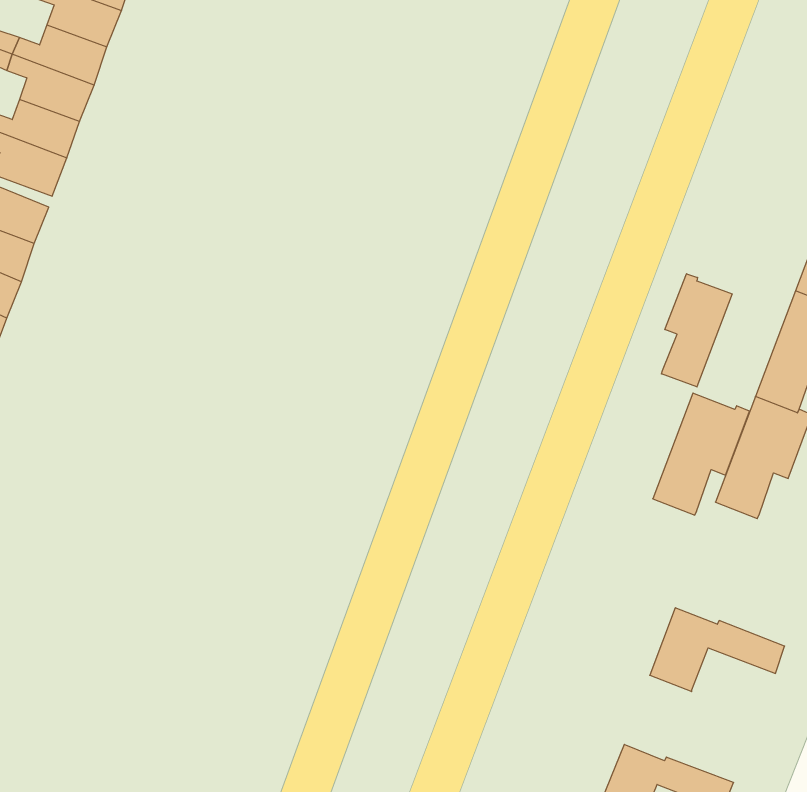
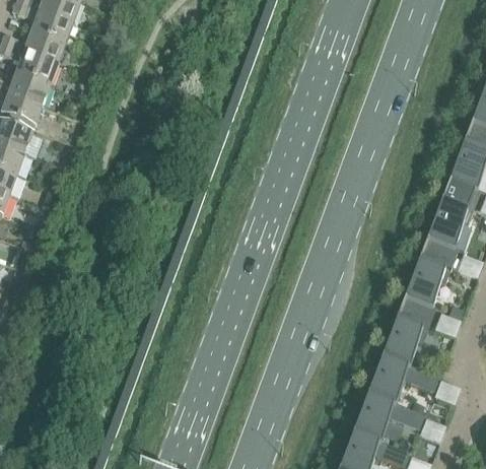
building: [661,274,732,387] -> none
building: [653,393,749,515] -> [381,298,435,366]
building: none -> [353,395,428,443]

